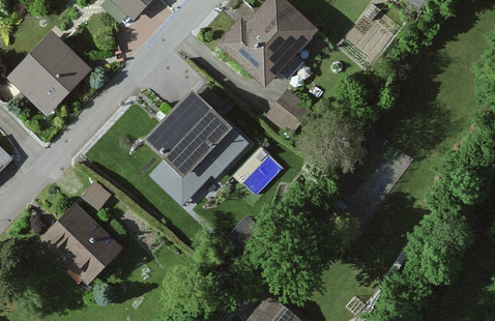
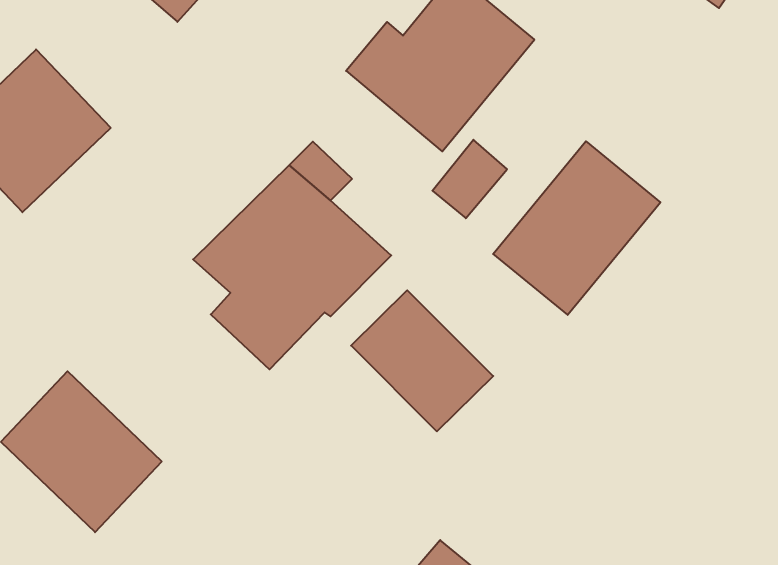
building: none -> [493,141,660,315]
building: none -> [351,290,493,431]

